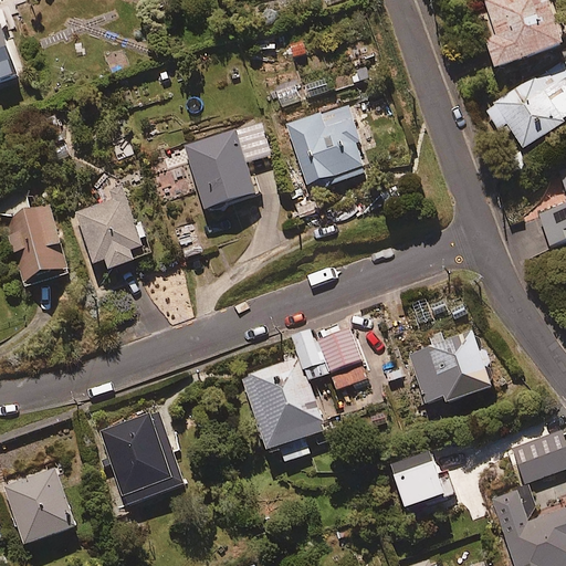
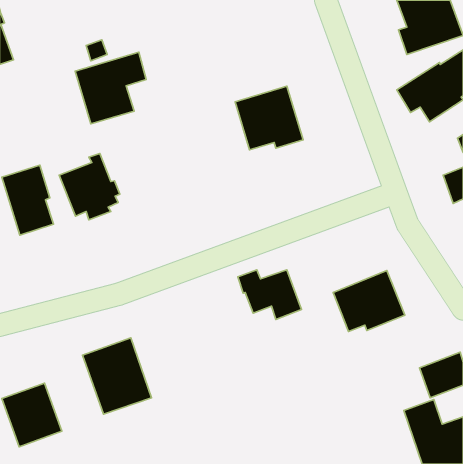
building: [185,126,271,213] -> [75,52,146,124]
building: [241,356,325,463] -> none
building: [391,450,444,505] -> none

